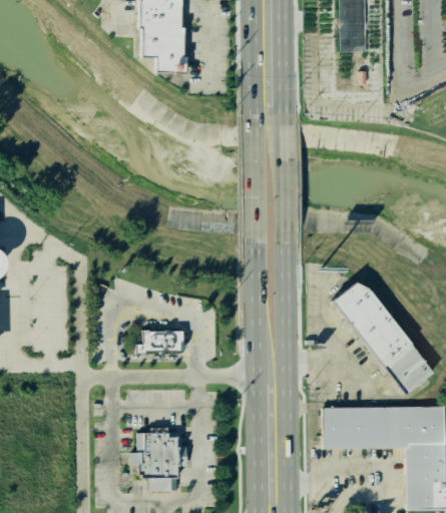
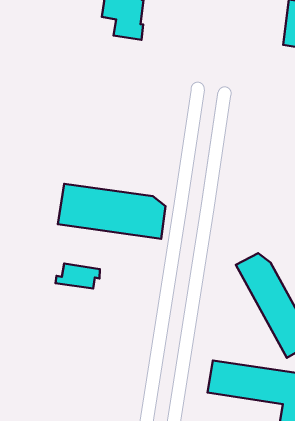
building: none -> [58,184,166,239]
building: [132,432,188,490] -> none

